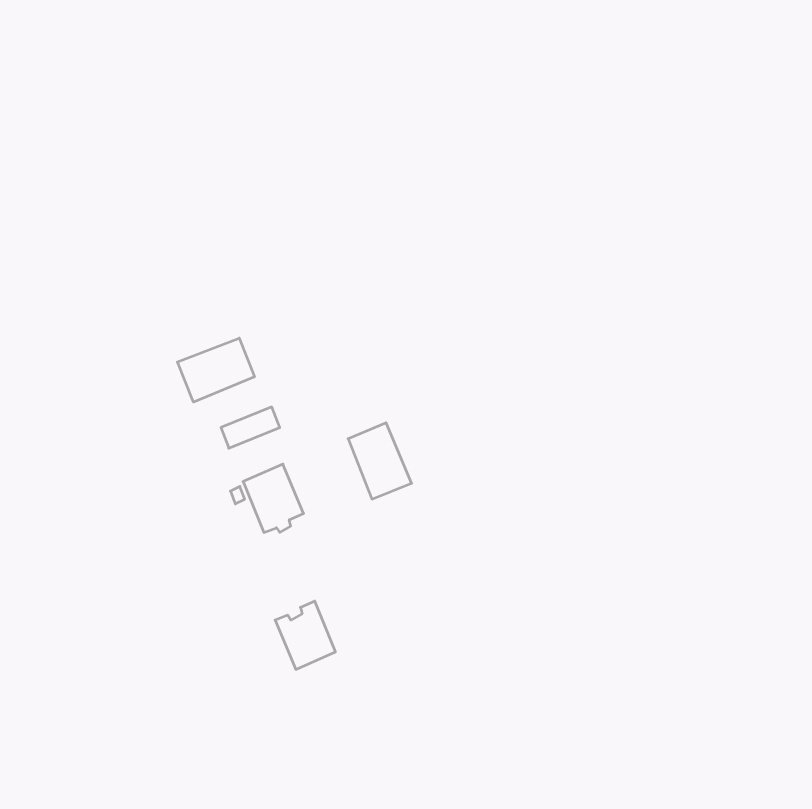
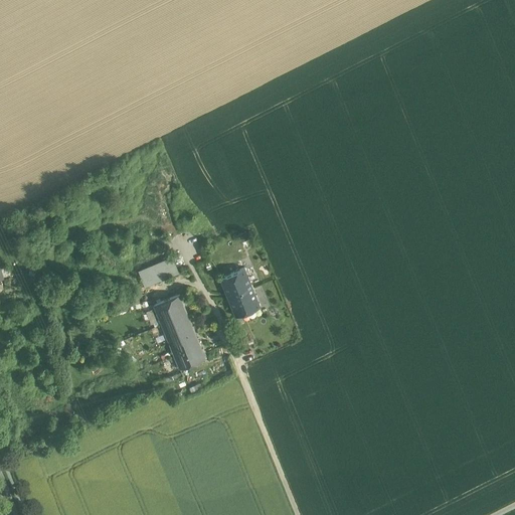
building: [177,338,254,402] -> none
building: [275,601,335,669] -> [167,327,205,370]

